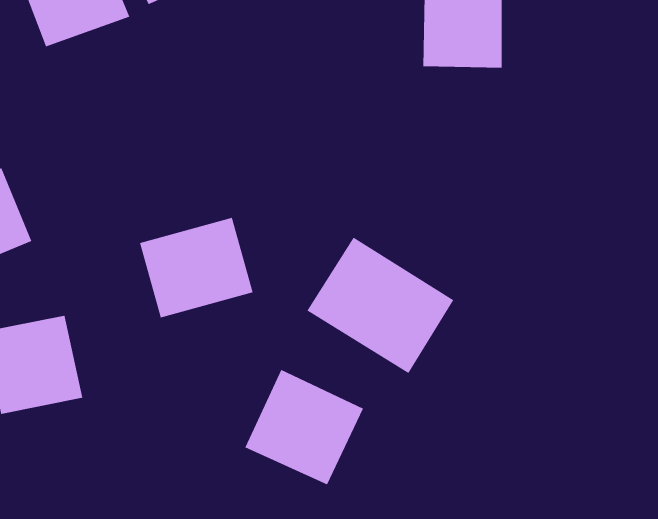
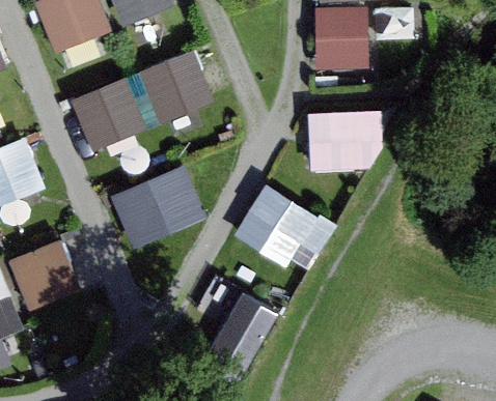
building: none -> [139,47,216,125]
building: none -> [72,78,144,150]
building: none -> [308,112,383,173]

